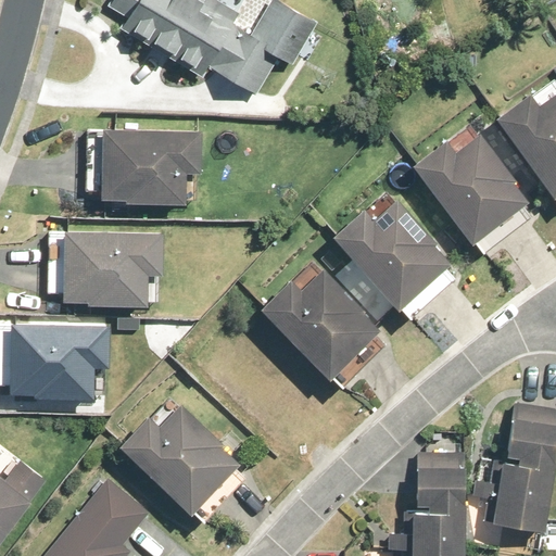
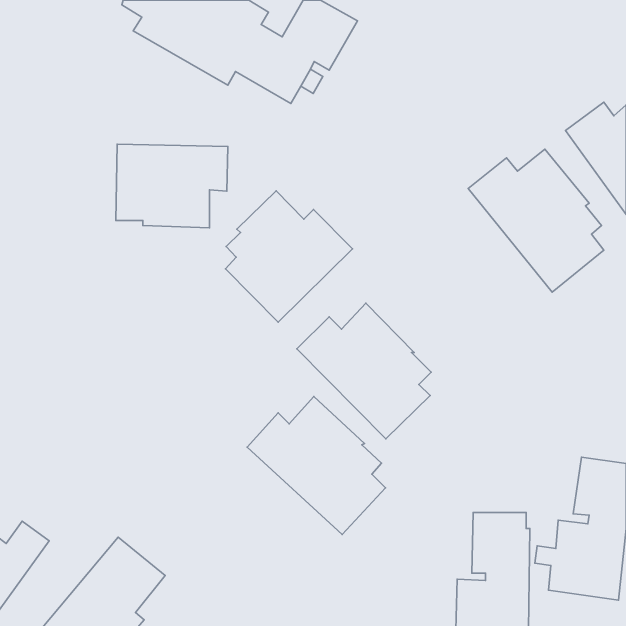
building: none -> [225,191,352,322]
building: [332,199,451,320] -> none
building: [64,233,164,306] -> none
building: [8,323,109,399] -> none
building: [119,403,241,525] -> [247,397,385,535]

